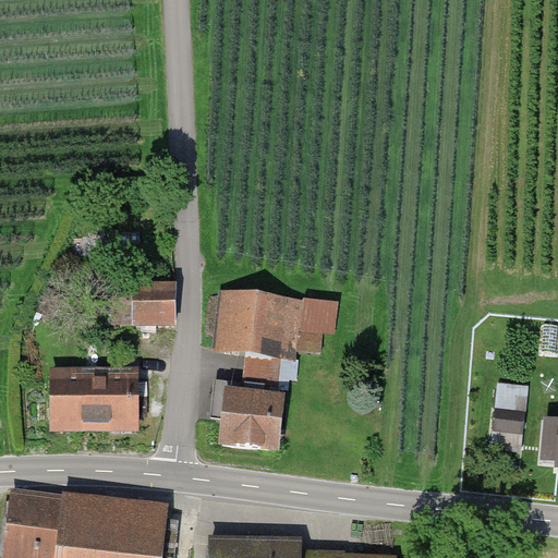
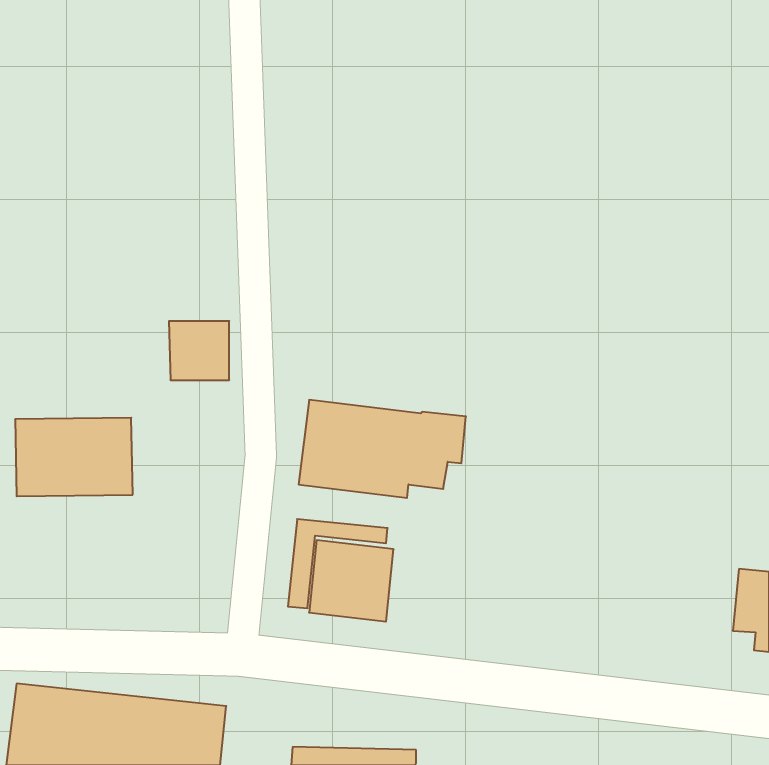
building: [133,283,177,326] -> [169,321,229,380]
building: [53,371,138,427] -> [15,418,133,496]
building: [490,383,525,448] -> none

